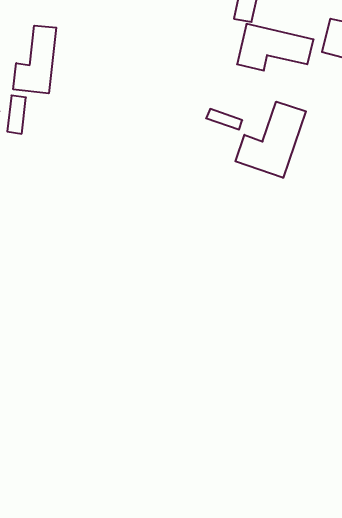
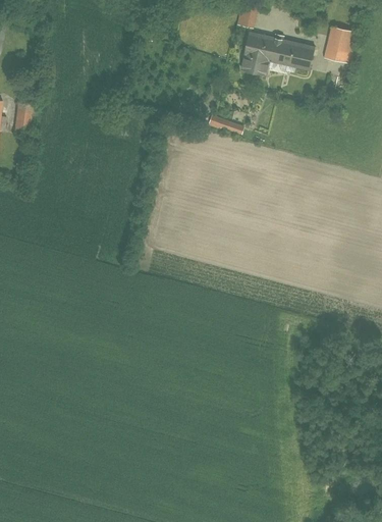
building: [13,26,56,93] -> none
building: [235,102,306,178] -> none

